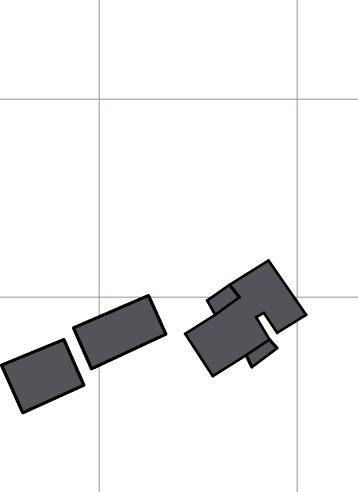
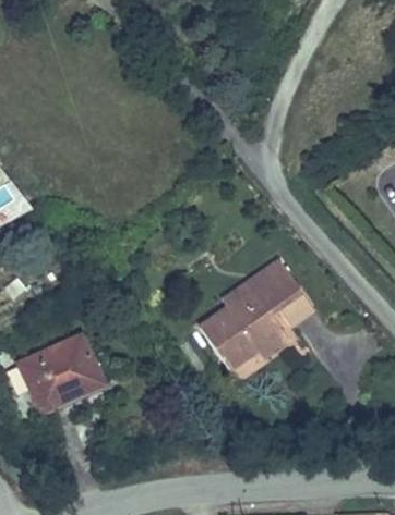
building: [74,296,166,369] -> none

